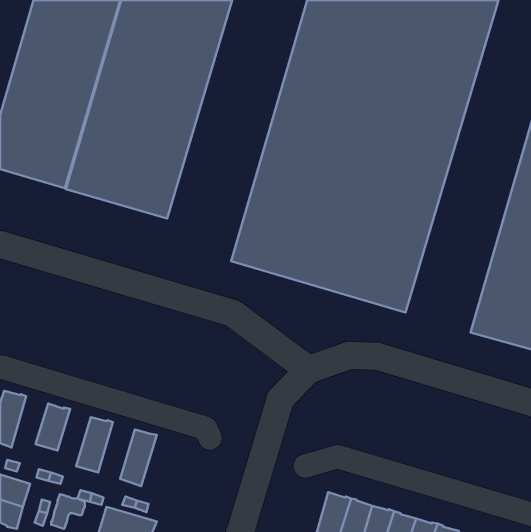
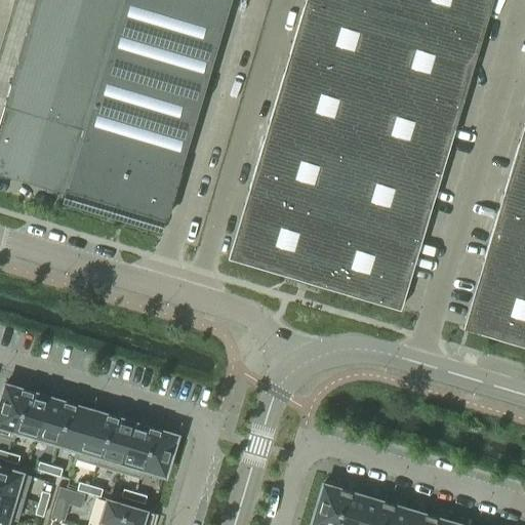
building: none -> [14,391,50,441]
building: none -> [59,403,92,459]
building: none -> [99,416,135,472]
building: none -> [142,429,178,479]

